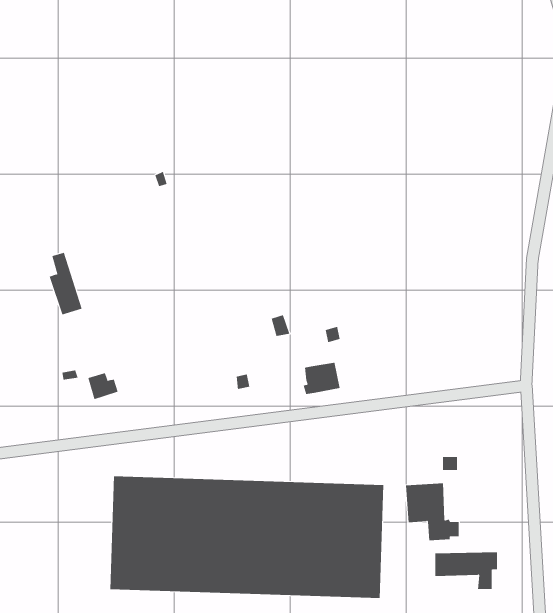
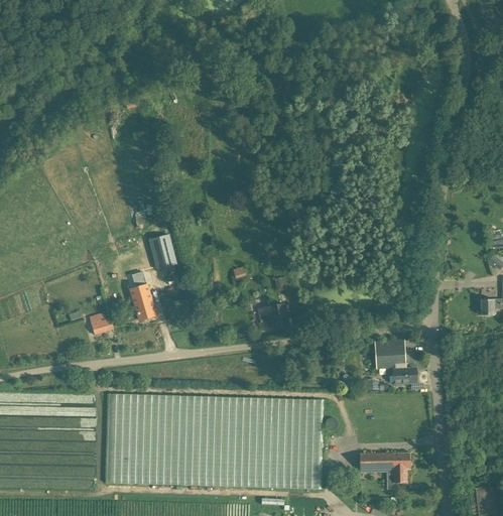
building: [49,252,82,315] -> [129,270,155,319]
building: none -> [150,232,177,266]
building: [405,483,459,541] -> [374,339,416,384]

